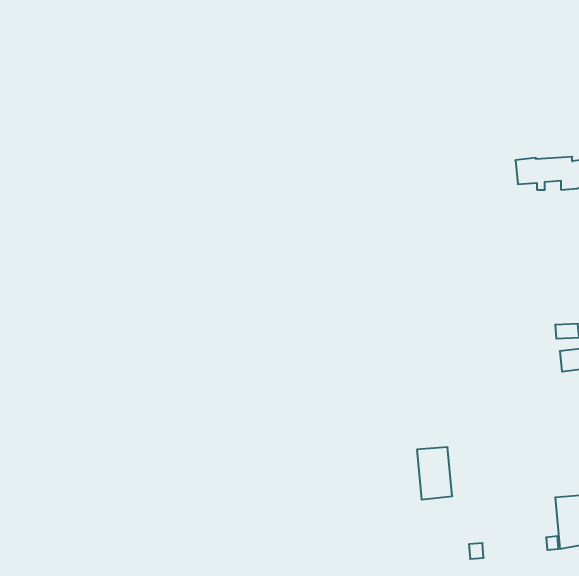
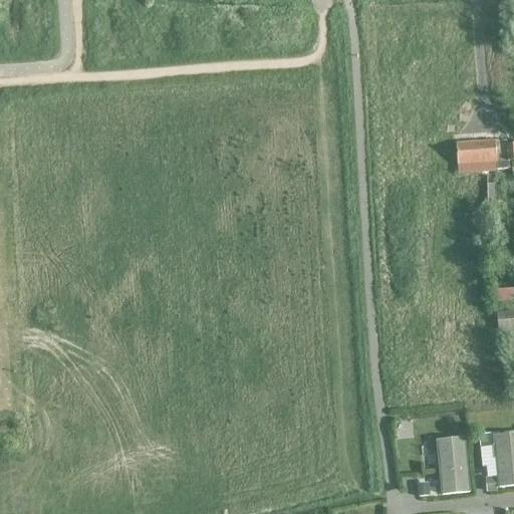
building: [417,447,452,500] -> [437,446,468,492]

